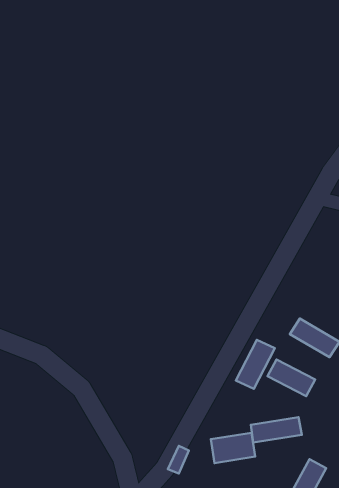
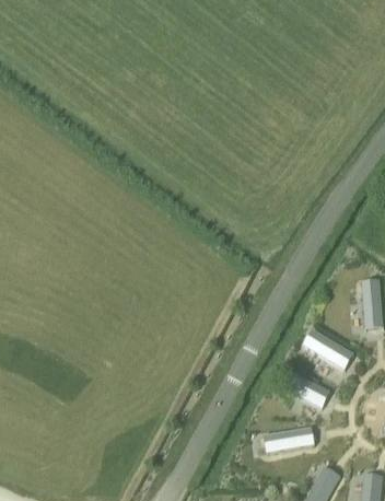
building: [236,340,275,389] -> none
building: [211,433,255,463] -> none

